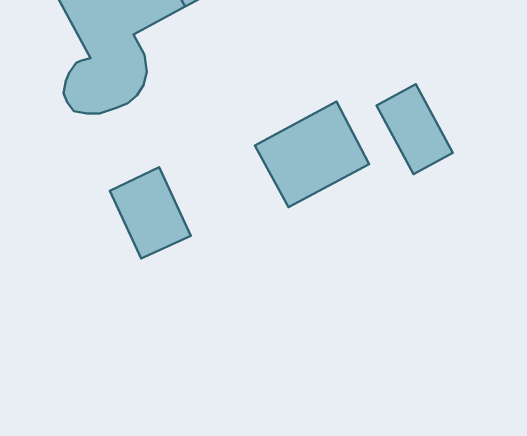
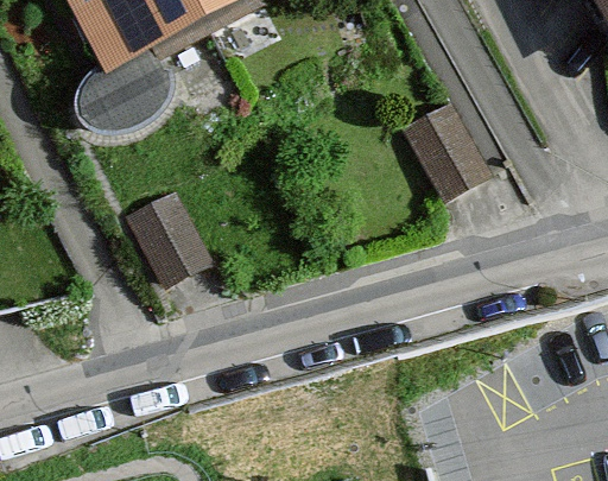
building: [255,101,369,207] -> none

